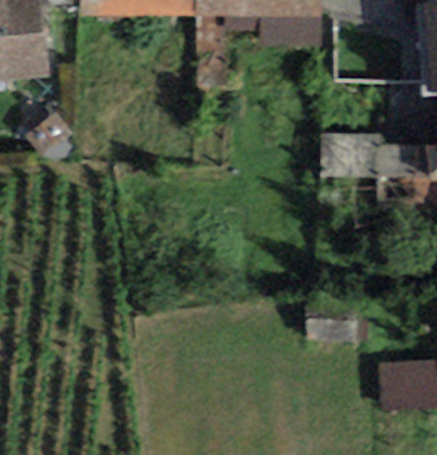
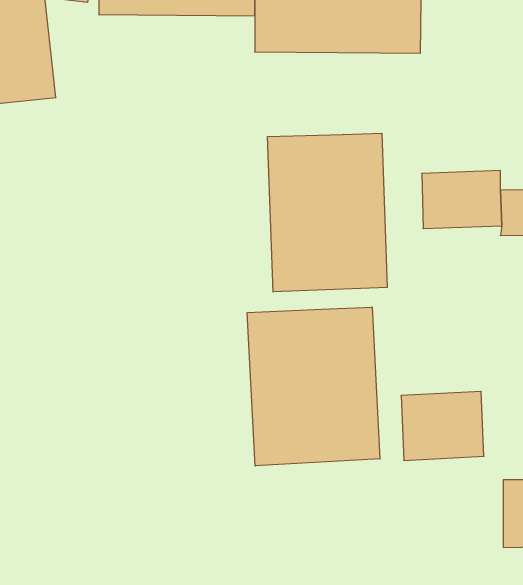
building: none -> [268,133,387,292]
building: none -> [247,307,380,466]

